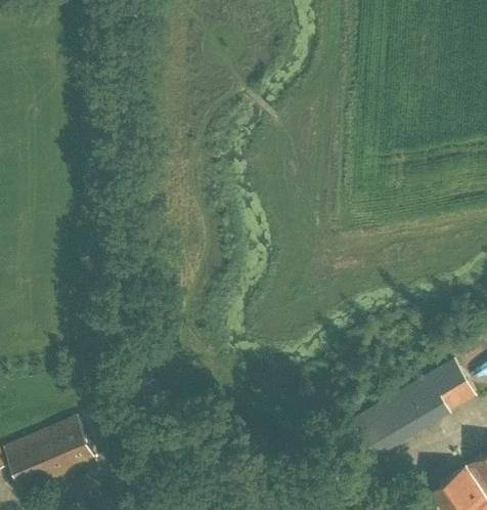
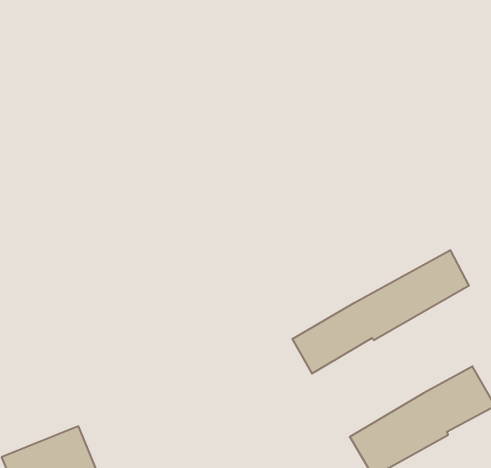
building: none -> [292,250,469,374]

